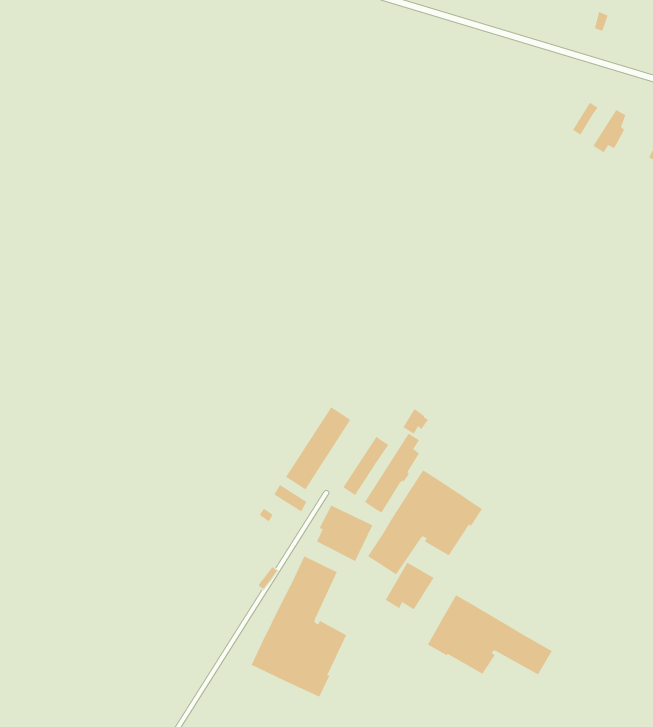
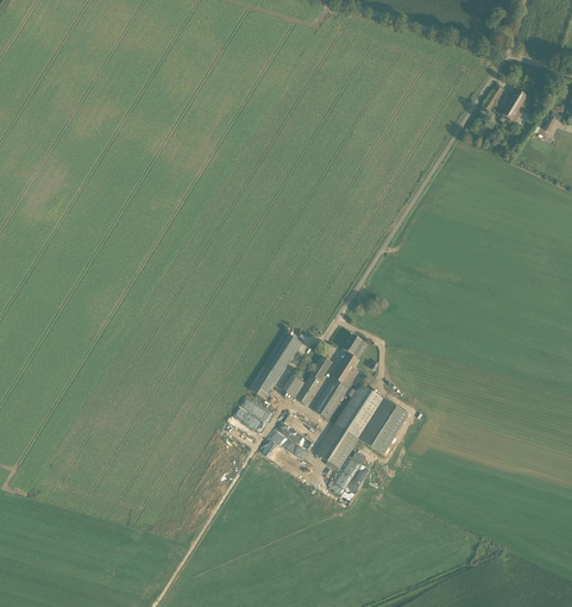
building: [251,556,347,698] -> none
building: [427,594,552,675] -> none

